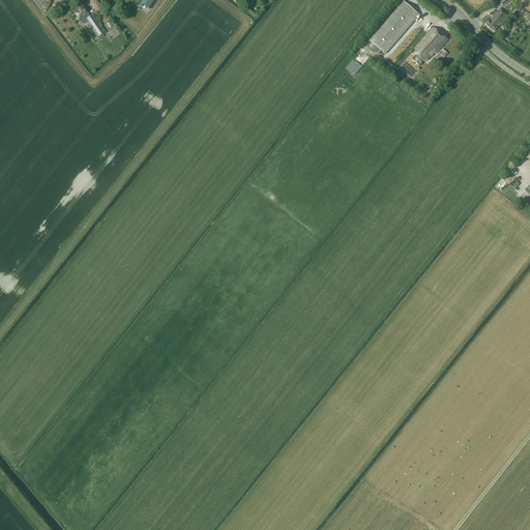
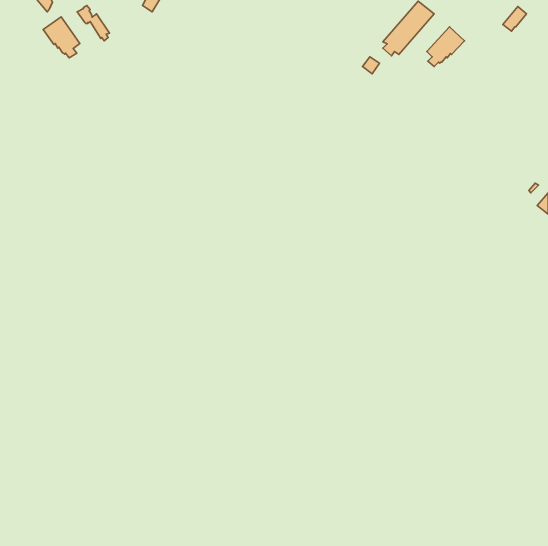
building: none -> [43,17,80,58]

